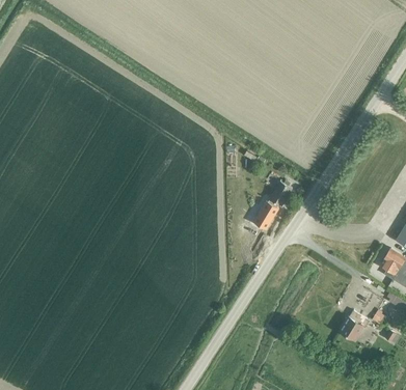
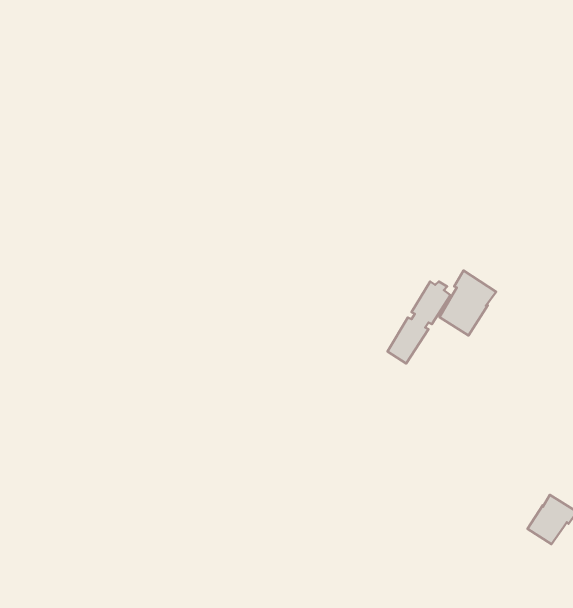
building: none -> [440,270,496,335]

